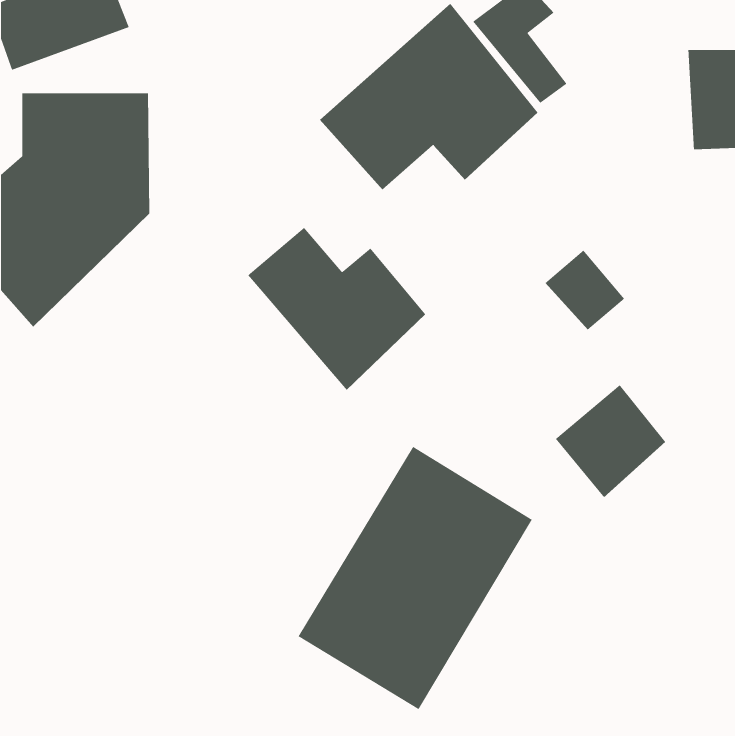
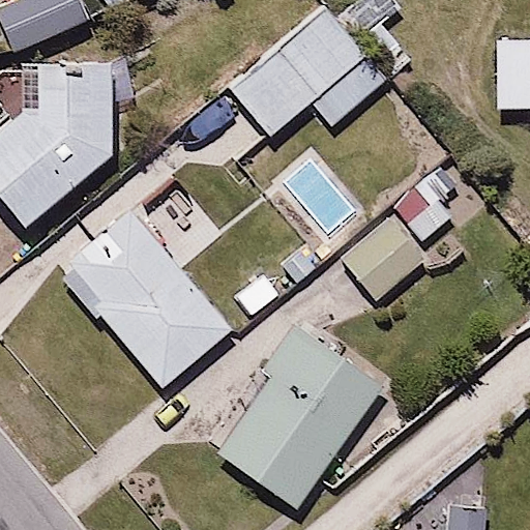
building: [247,227,426,391] -> none
building: none -> [59,210,231,388]
building: [555,384,666,498] -> [341,217,420,299]

